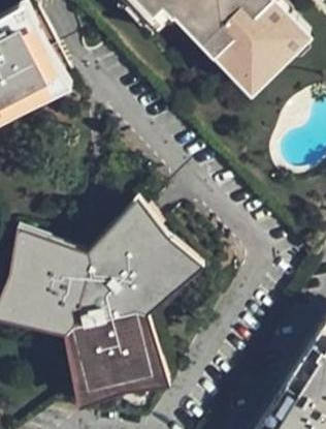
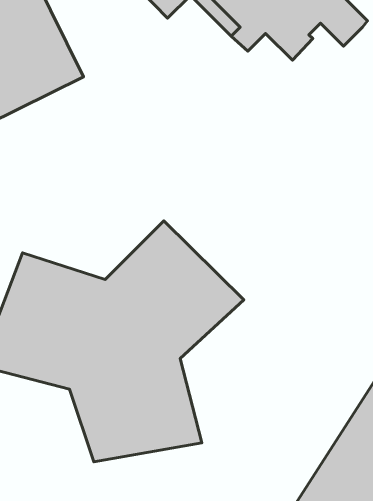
building: [211,40,289,100] -> none

